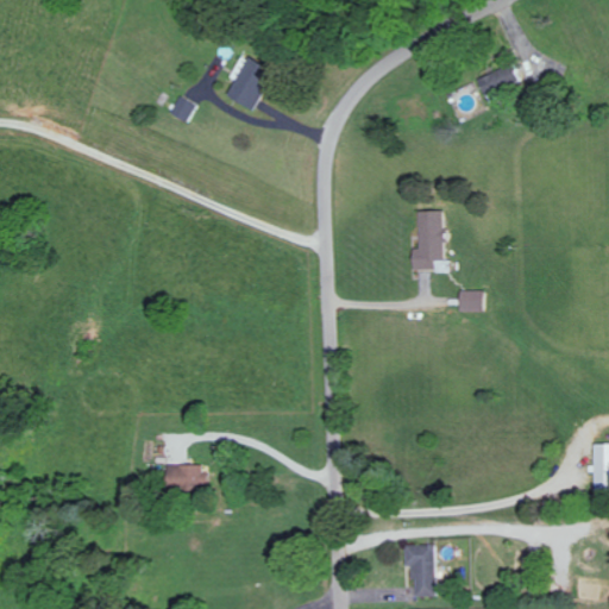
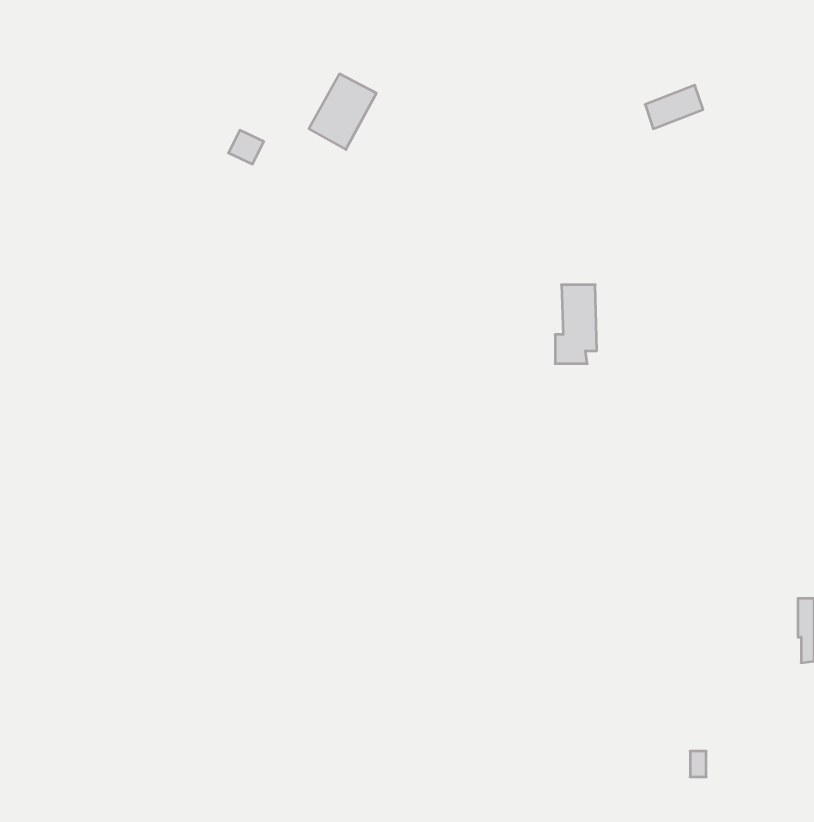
building: [457,290,482,312] -> none
building: [165,464,203,490] -> none
building: [403,545,434,597] -> none

